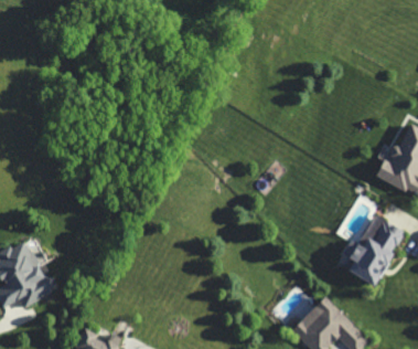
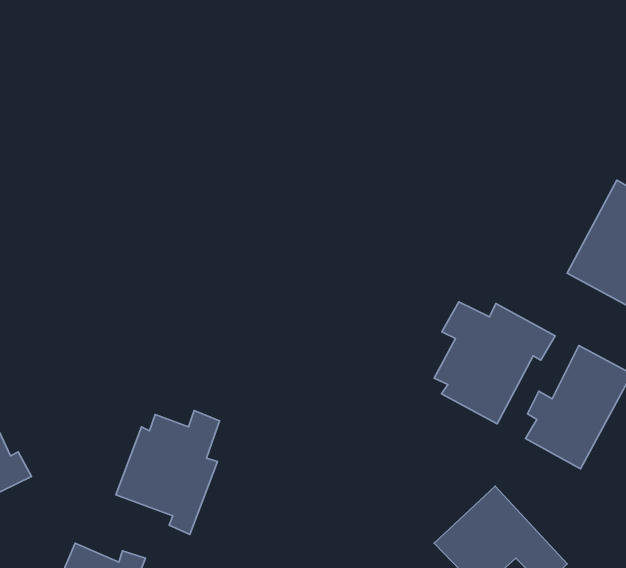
building: none -> [434,302,555,424]
building: none -> [116,411,219,535]

